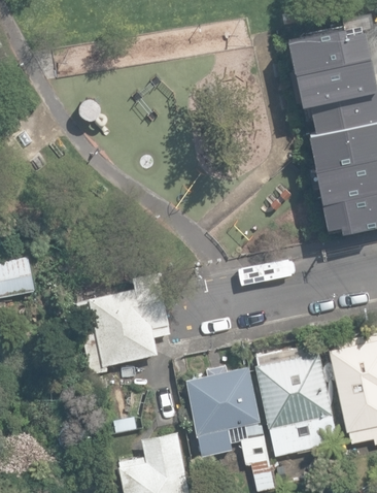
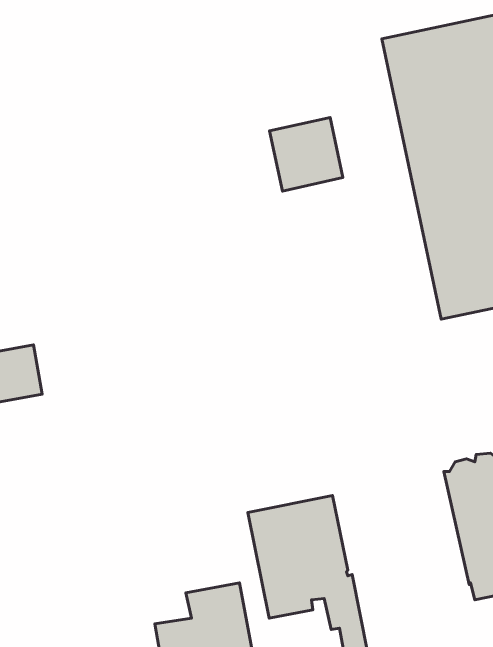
building: none -> [270,117,343,191]
building: [76,283,171,374] -> none
building: [255,353,335,456] -> none

